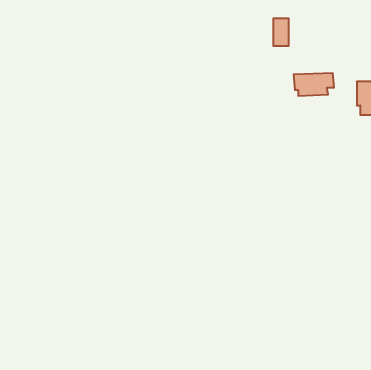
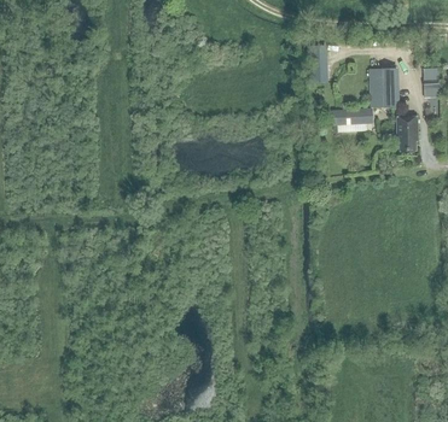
building: none -> [370,66,397,106]

